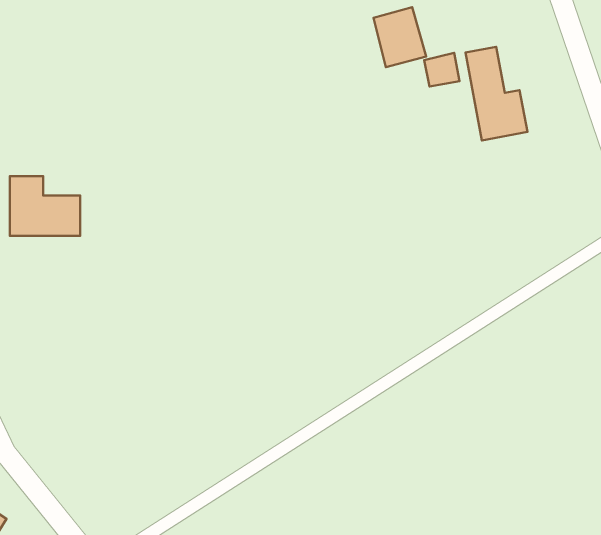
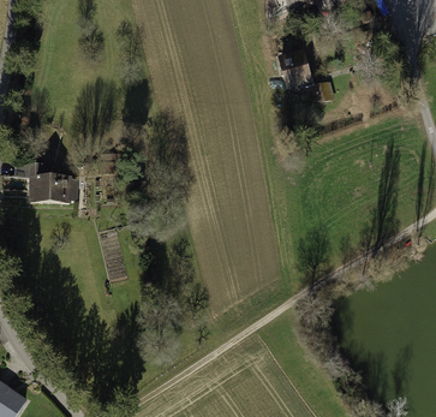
building: [465,47,527,140] -> none

